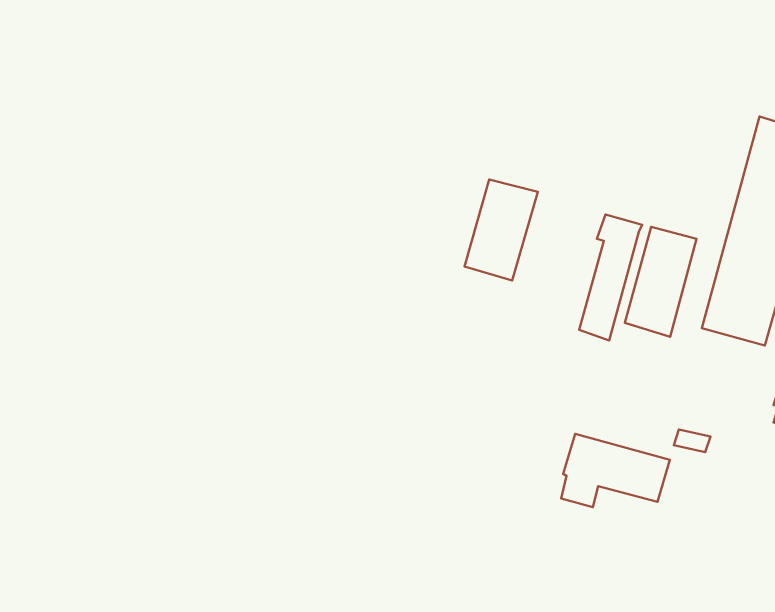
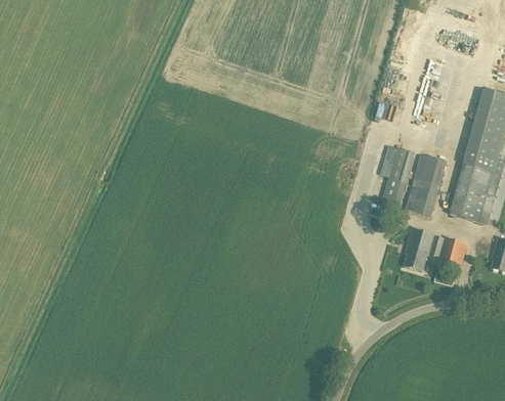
building: [464,179,538,280] -> none
building: [561,434,670,507] -> [404,227,467,270]

